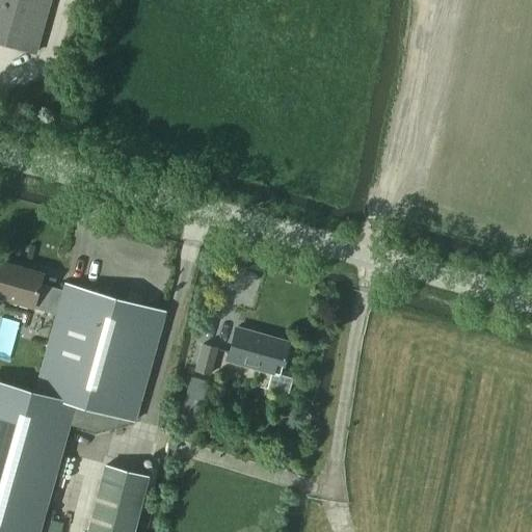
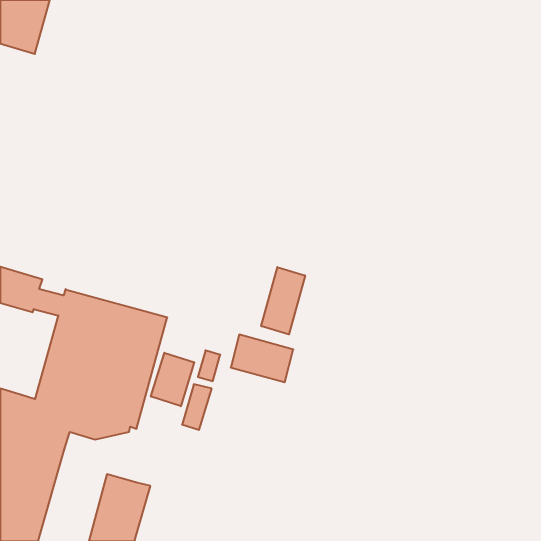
building: none -> [261,267,305,334]
building: none -> [151,353,194,406]

